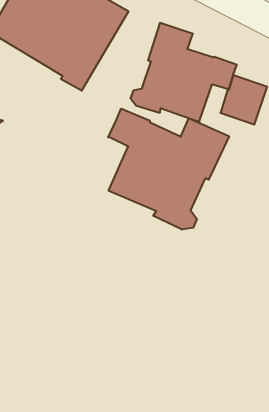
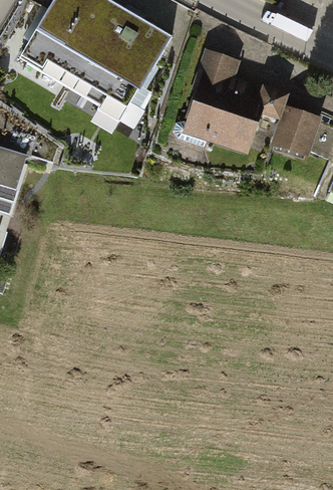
building: [108,109,229,230] -> none

